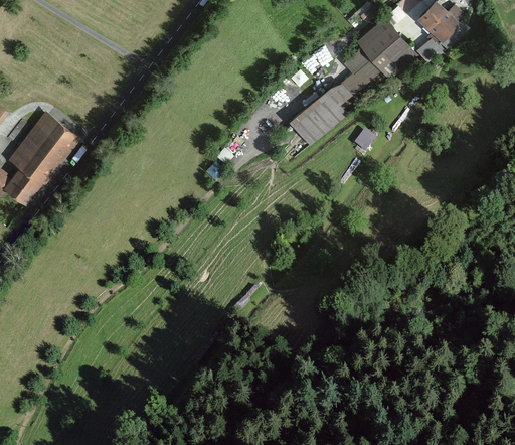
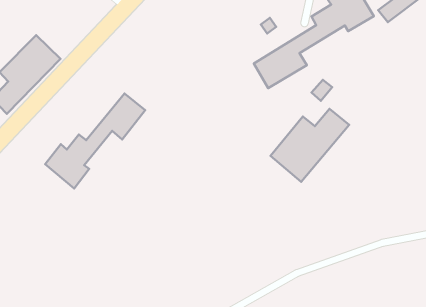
building: none -> [270,109,349,182]
building: none -> [45,93,145,188]

